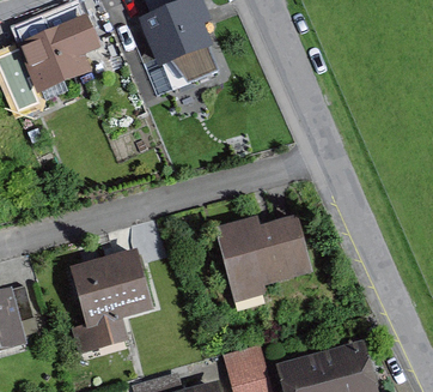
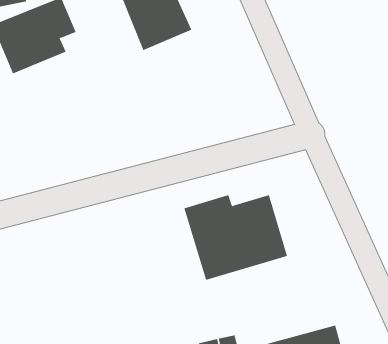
building: [59,248,147,348] -> none

